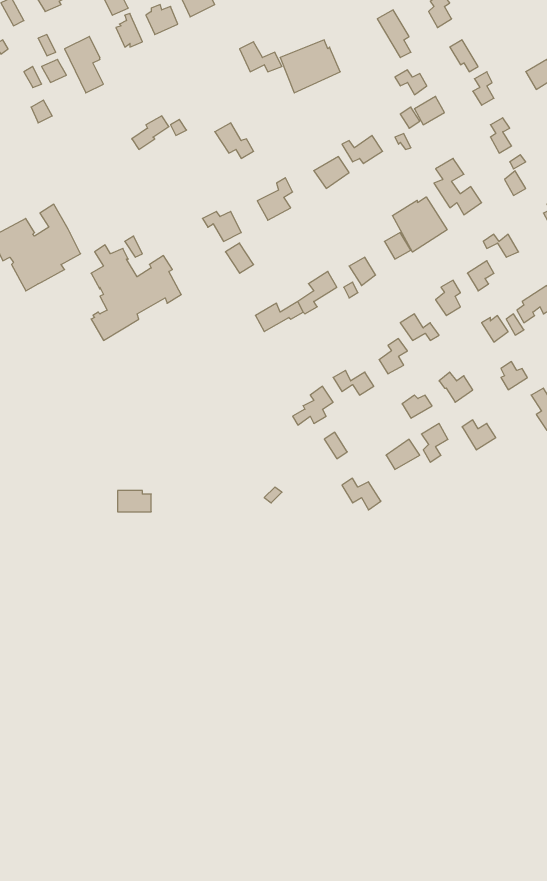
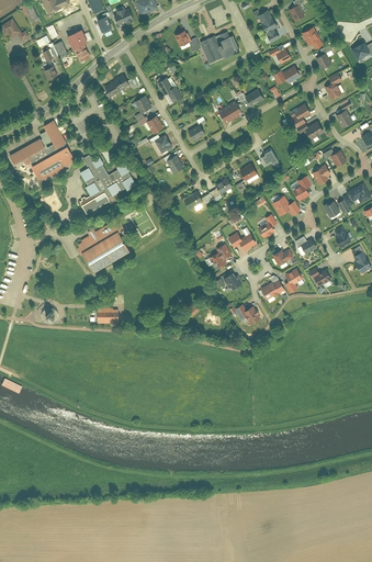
building: none -> [134,94,162,132]
building: [392,197,447,252] -> none
building: none -> [78,221,131,274]

